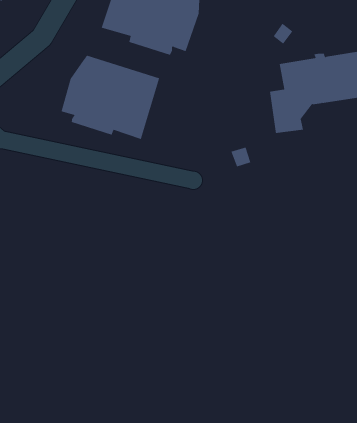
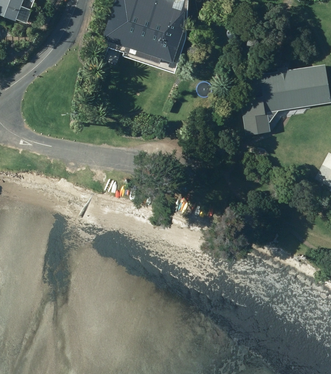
building: [61,55,160,140] -> none

